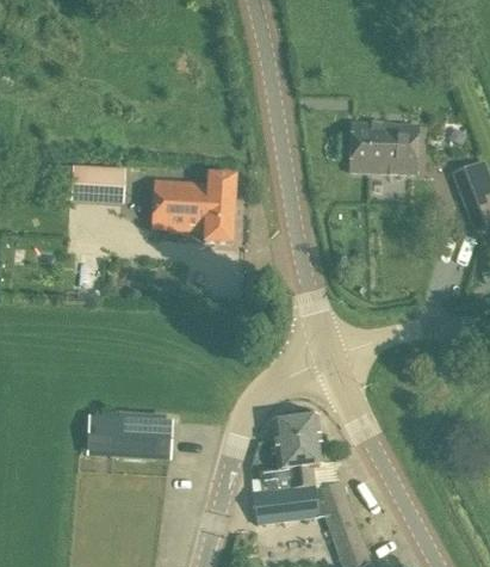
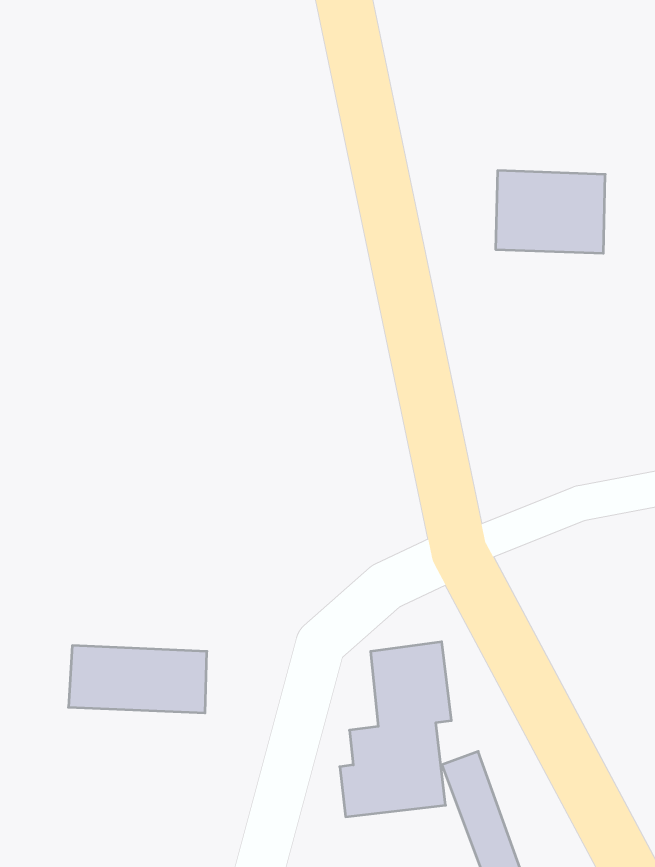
building: [70,165,125,204] -> none
building: [151,173,234,242] -> none

